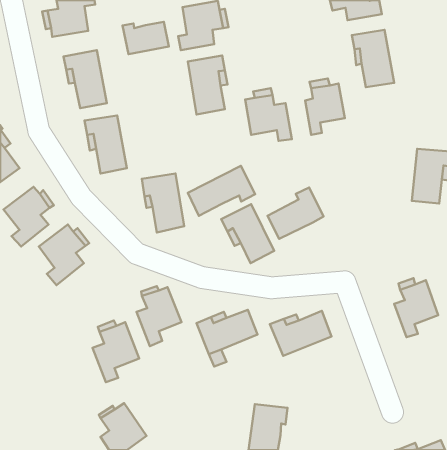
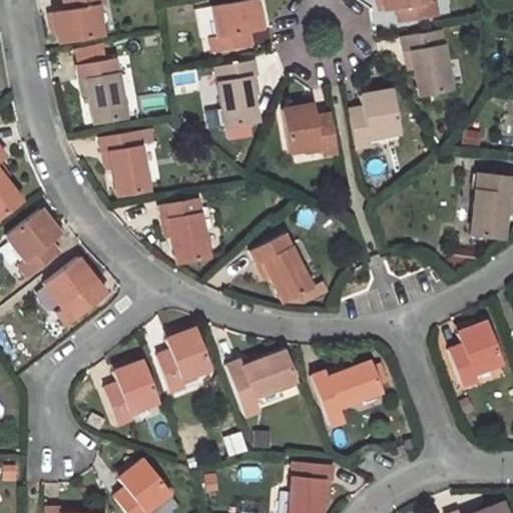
building: [123,22,169,54] -> none
building: [188,166,255,216] -> none
building: [268,188,324,239] -> none

